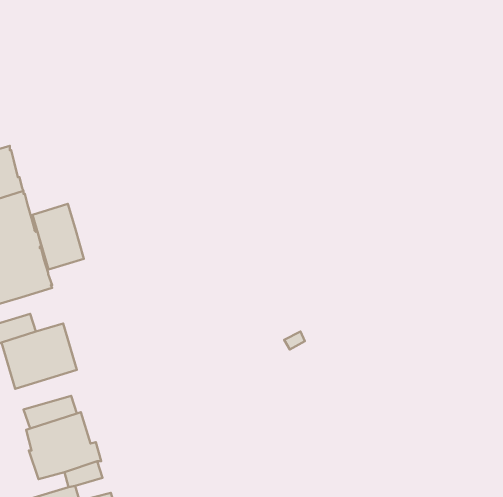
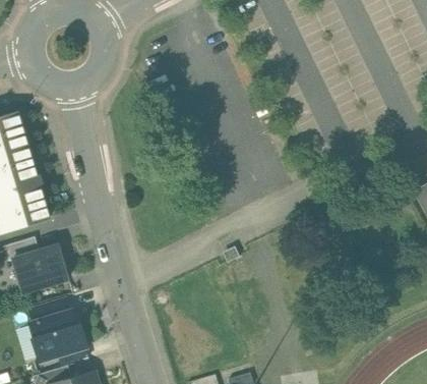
building: [32,204,84,270] -> none

